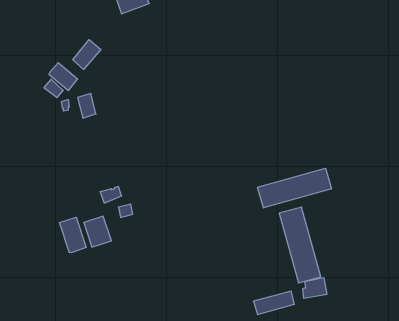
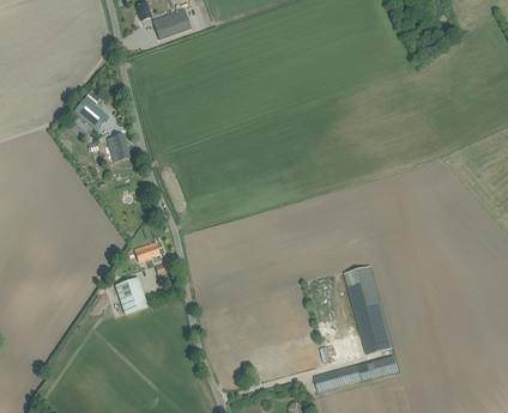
building: [73,40,101,69] -> none
building: [258,168,331,208] -> none
building: [60,217,86,253] -> none

